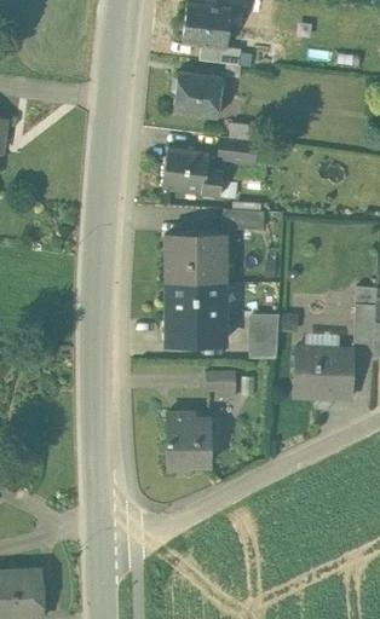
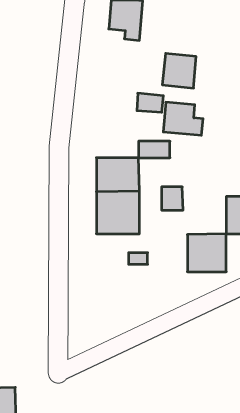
building: [171,68,220,118] -> [162,53,196,88]
building: [163,146,221,195] -> [163,102,203,135]
building: [249,325,281,359] -> [162,187,183,210]
building: [165,411,207,470] -> none

